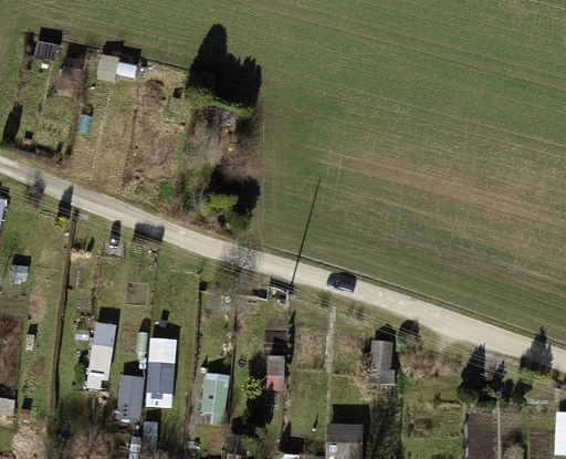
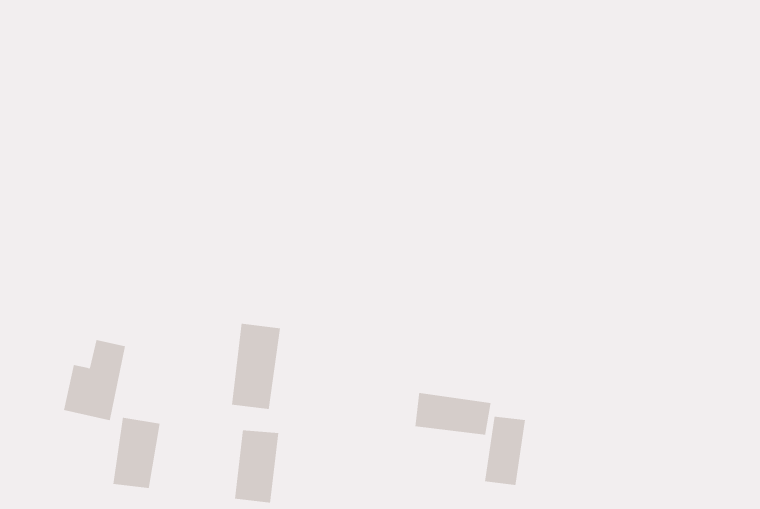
building: none -> [415,392,491,436]
building: [147,337,175,394] -> [231,323,281,409]

